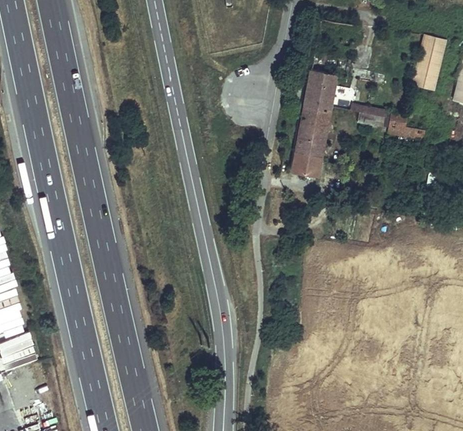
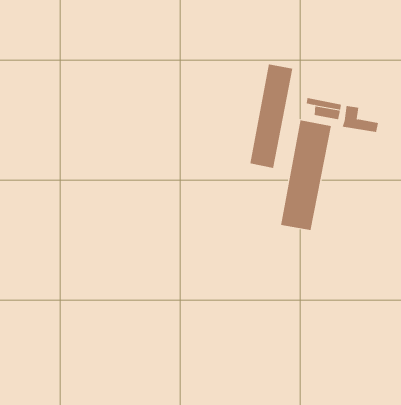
building: [411,35,444,91] -> none
building: none -> [281,120,331,231]

